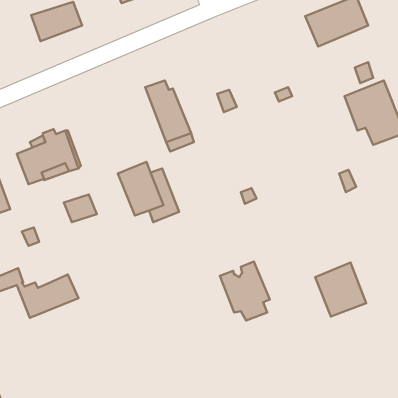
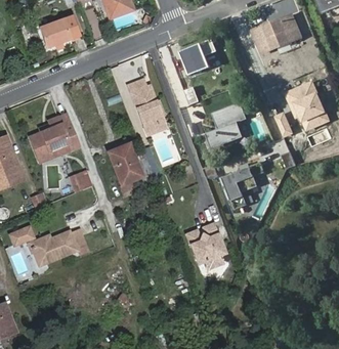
building: none -> [180,38,217,75]
building: none -> [207,101,247,148]
building: [315,263,366,316] -> [221,167,261,209]

